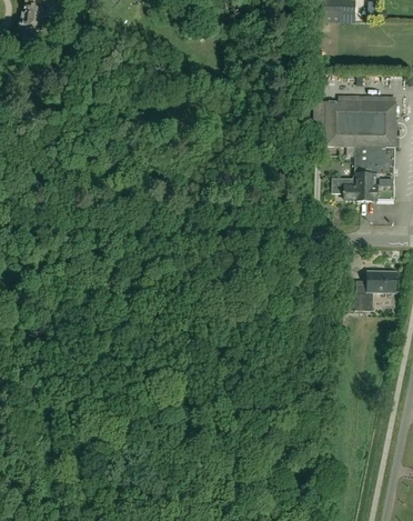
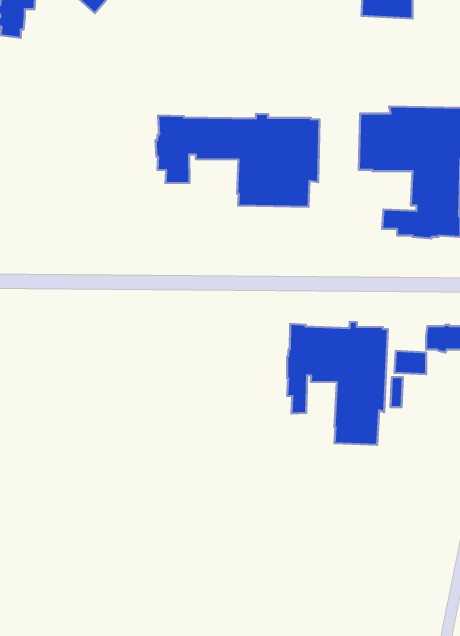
building: none -> [155,114,319,207]
building: none -> [287,322,388,445]

